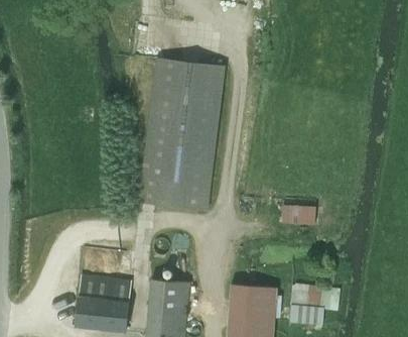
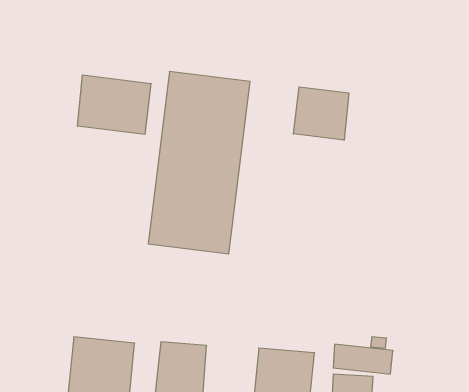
building: none -> [78,75,151,134]
building: none -> [293,87,349,140]
building: [283,204,315,224] -> none

